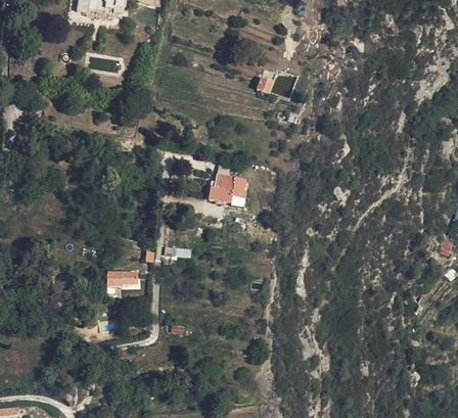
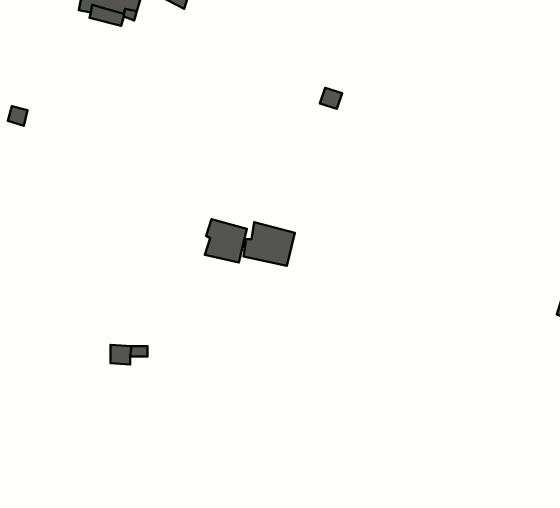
building: none -> [205,219,247,262]

